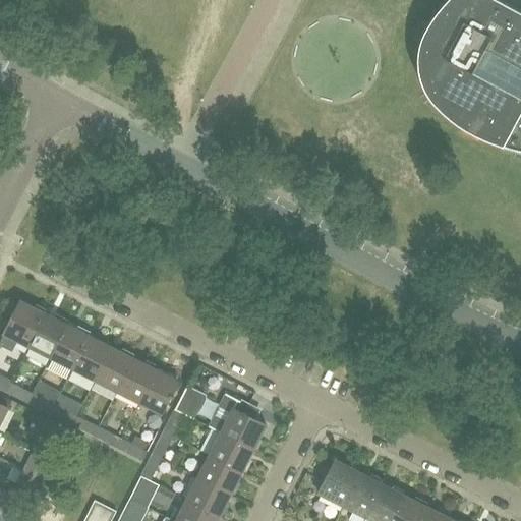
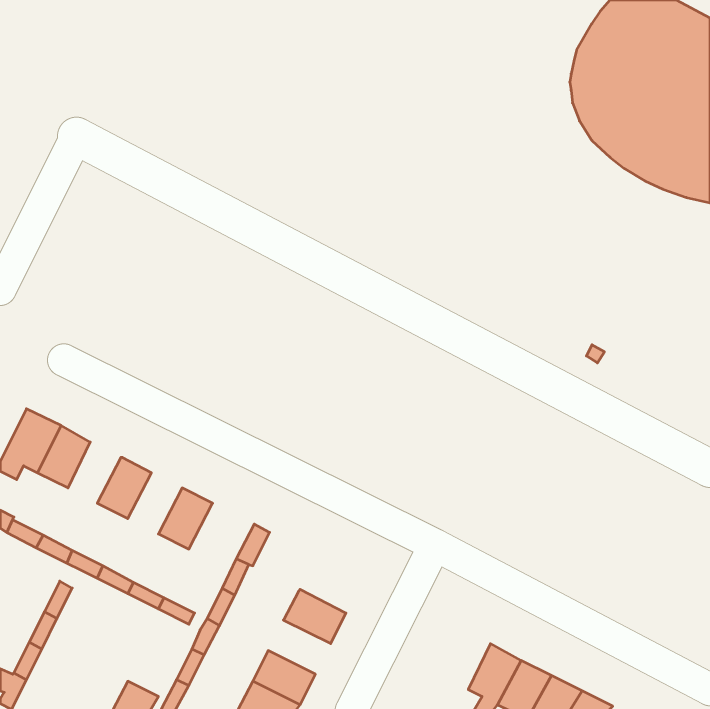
building: [50,325,90,369] -> none
building: [94,347,133,392] -> none
building: [138,369,178,414] -> none
building: [209,394,266,450] -> none
building: [196,455,242,495] -> none
building: [319,460,359,506] -> none

